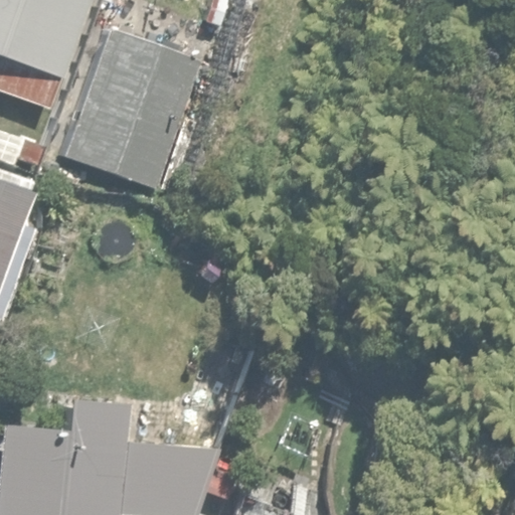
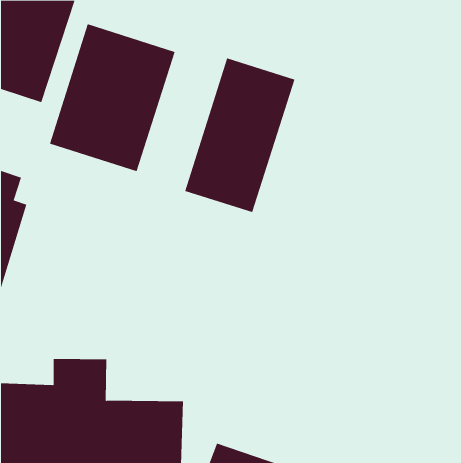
building: none -> [184,58,295,213]

